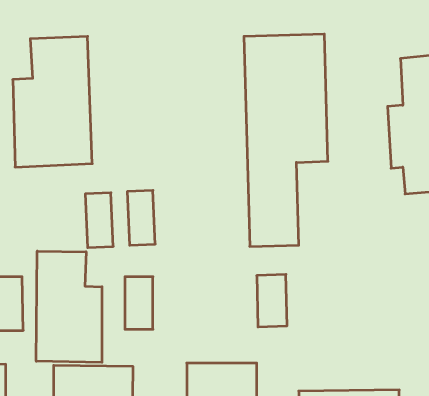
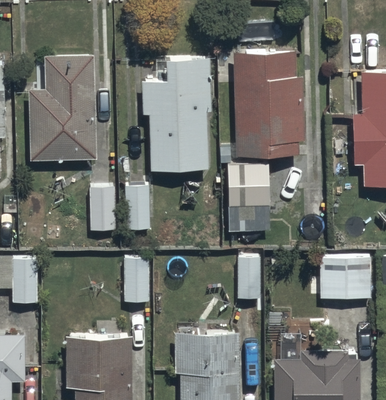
building: none -> [143,57,209,172]
building: [36,251,102,362] -> none
building: none -> [319,258,372,301]

